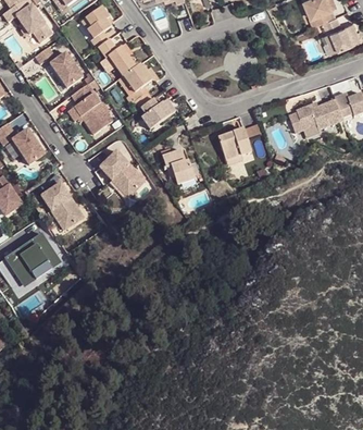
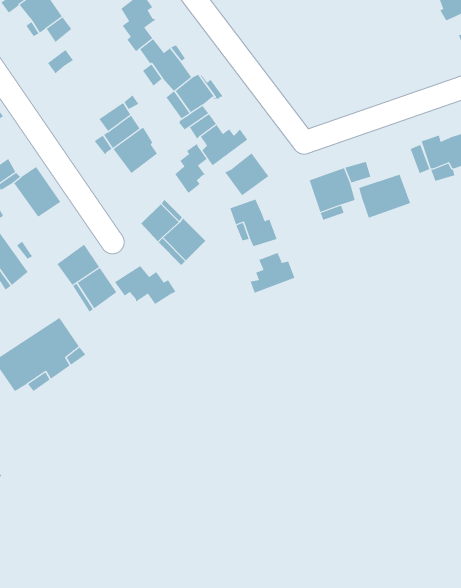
building: [49,51,83,88] -> none
building: none -> [175,143,207,194]
building: none -> [225,152,269,196]
building: none -> [358,174,411,218]
building: none -> [250,252,295,293]
building: none -> [114,265,176,305]

